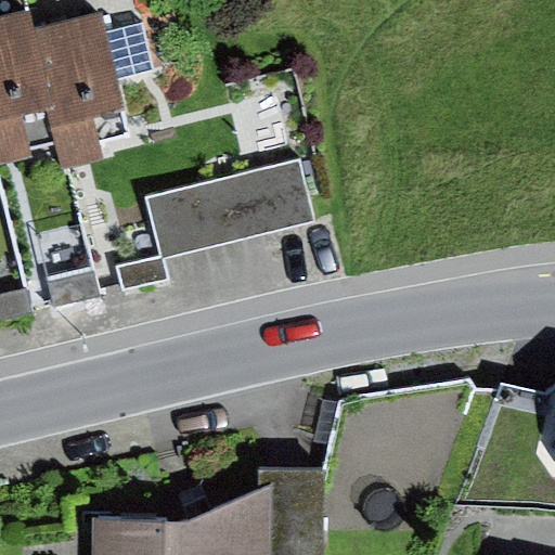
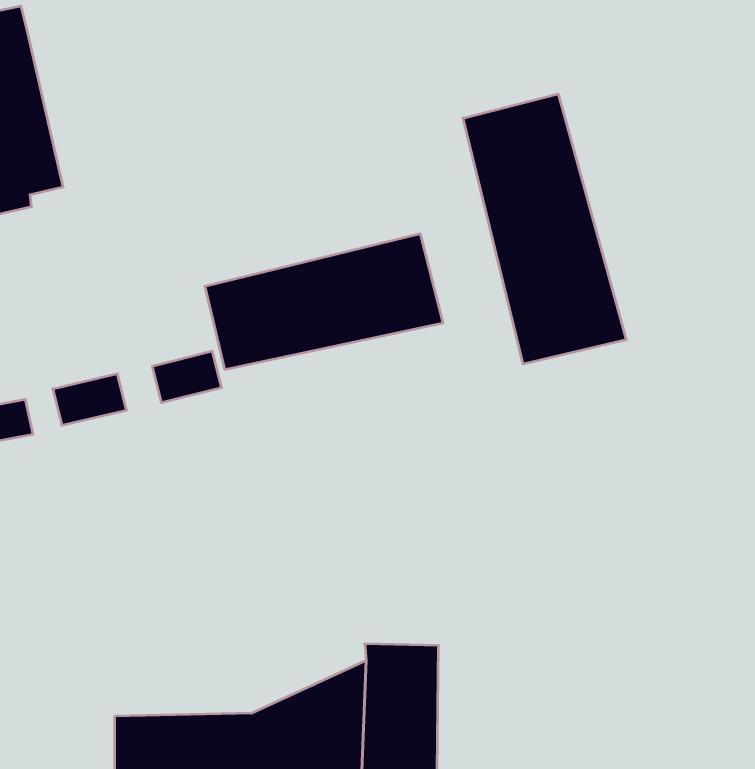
building: [20,8,140,160] -> none
building: none -> [463,94,626,364]

